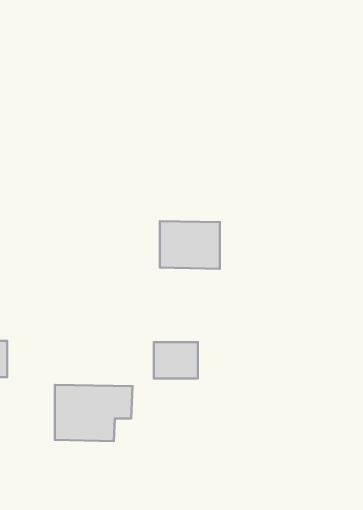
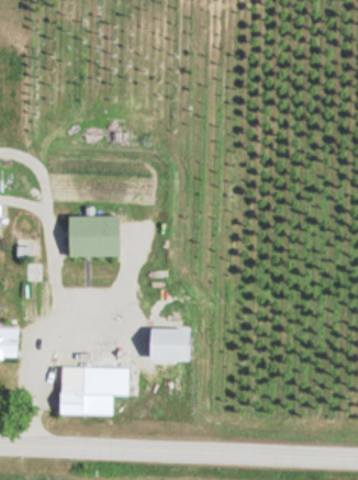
building: [160,221,220,269] -> [68,215,121,257]

